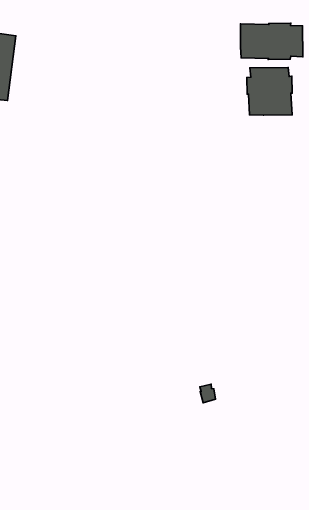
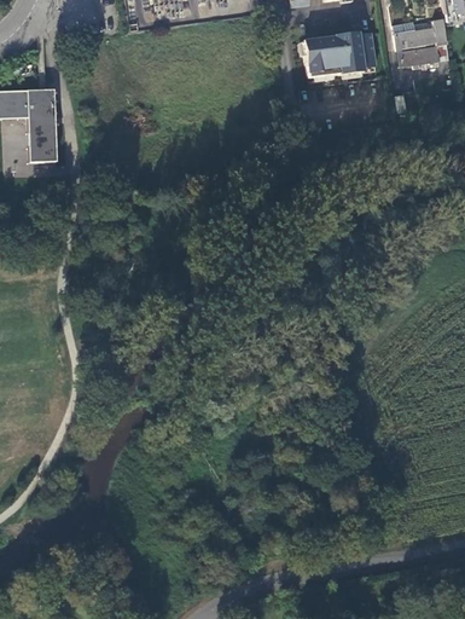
building: [247,67,292,115] -> none

